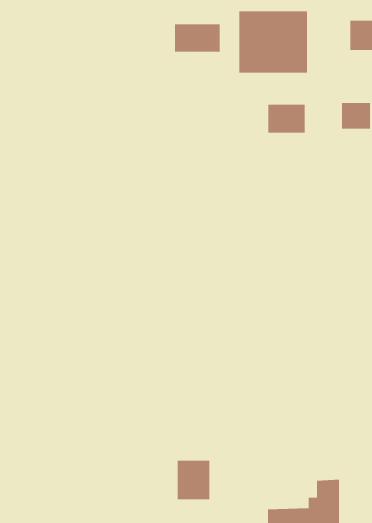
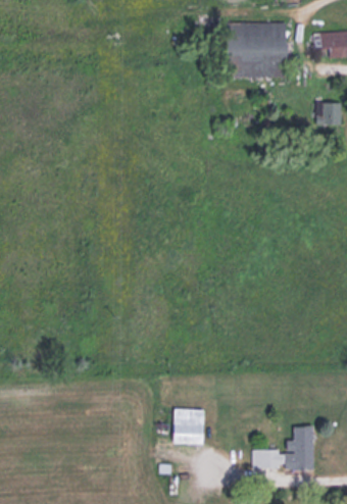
building: [174,24,221,52] -> none
building: [268,104,306,134] -> none

